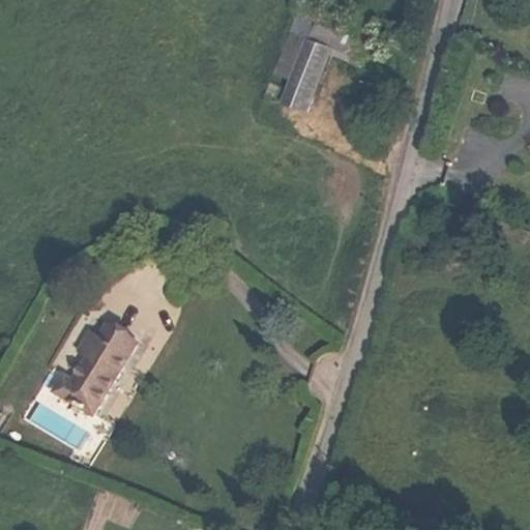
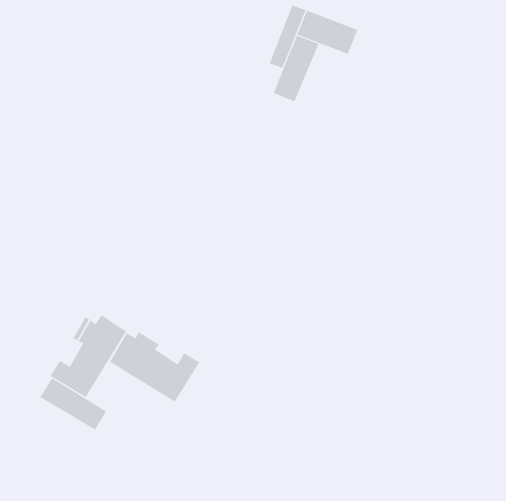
building: none -> [109,331,200,402]
building: none -> [40,378,107,431]

